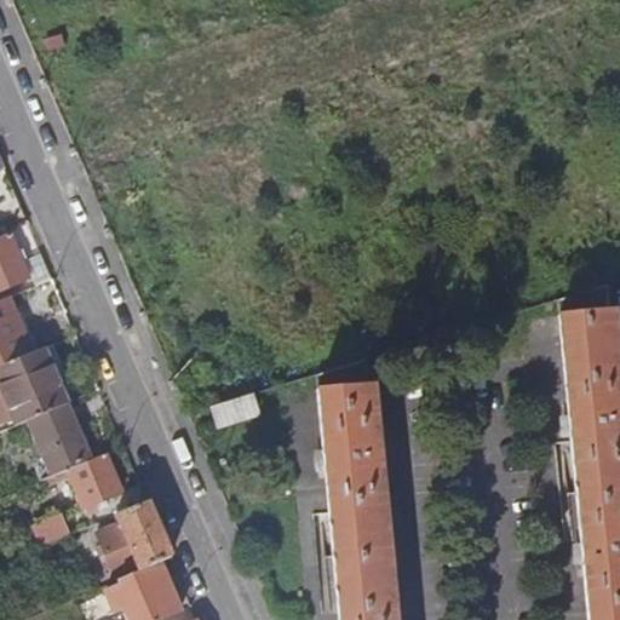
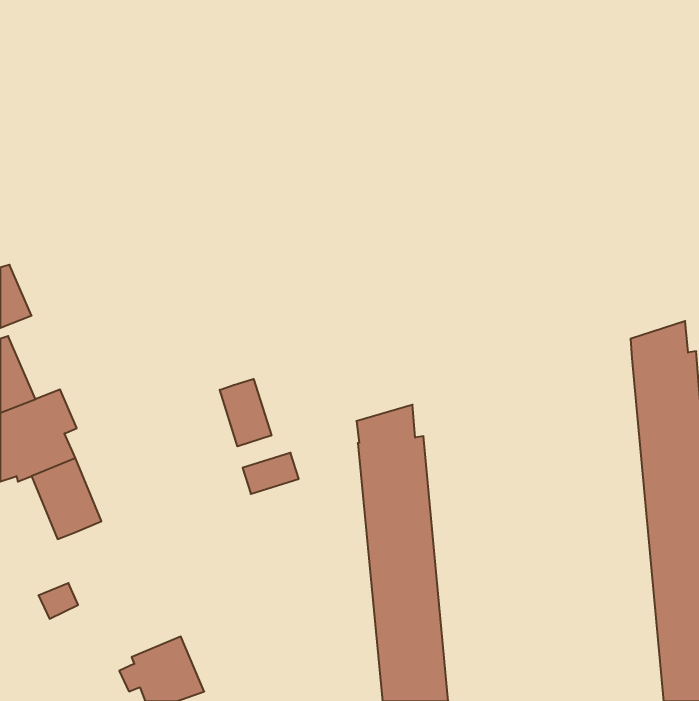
building: none -> [220,379,271,446]
building: [68,453,122,512] -> none
building: [97,503,172,580] -> none

